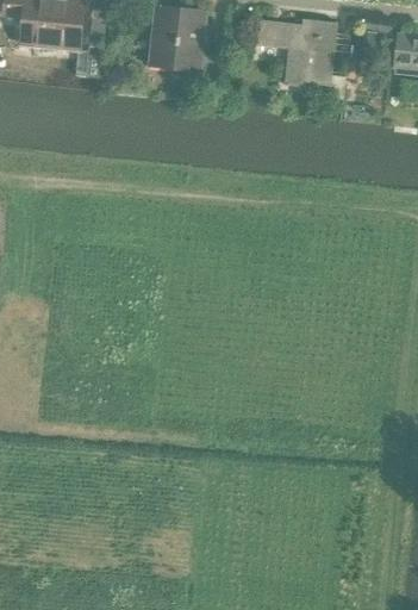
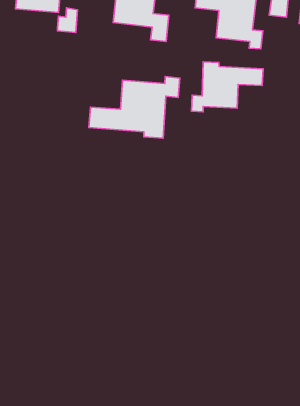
building: none -> [191,62,263,112]
building: none -> [89,76,180,138]

